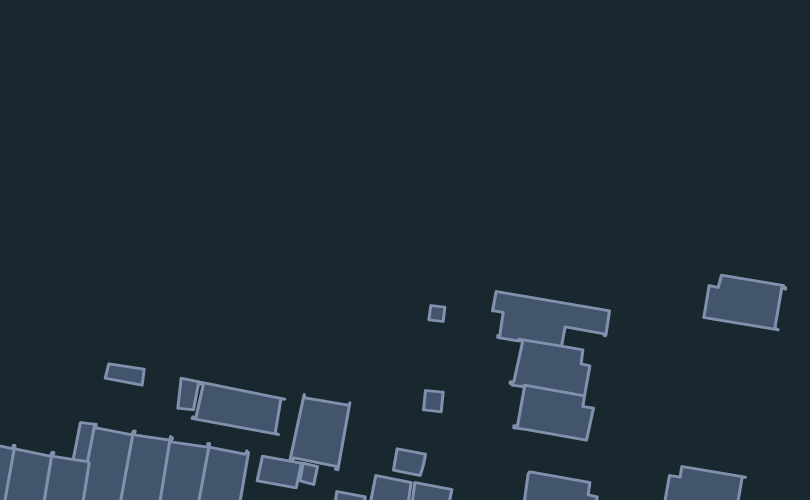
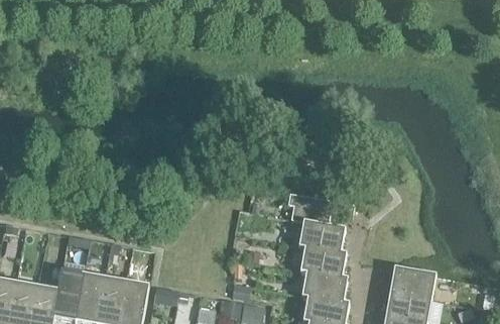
building: [704,275,785,330] -> [389,266,435,298]
building: [192,382,285,434] -> none
building: [290,395,350,470] -> none
building: none -> [300,271,346,301]

